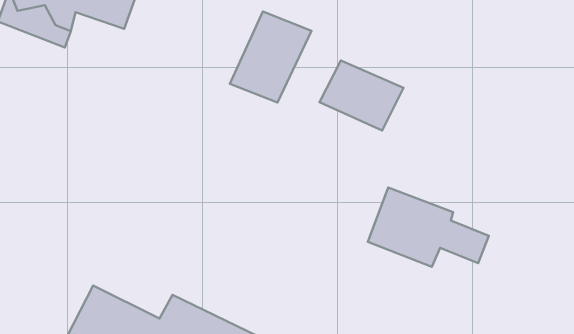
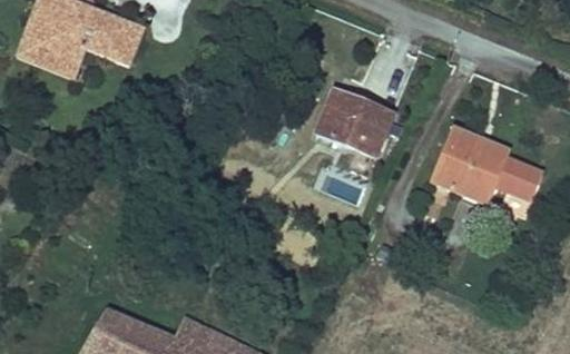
building: [230,11,311,103] -> none
building: [368,187,489,267] -> [438,129,551,204]

